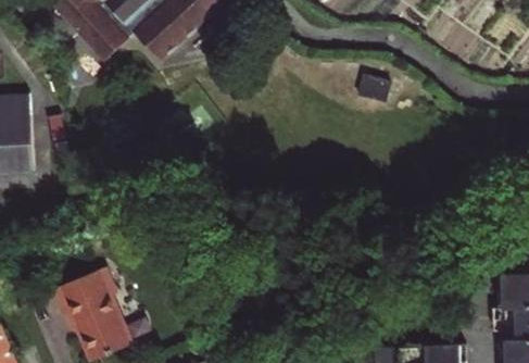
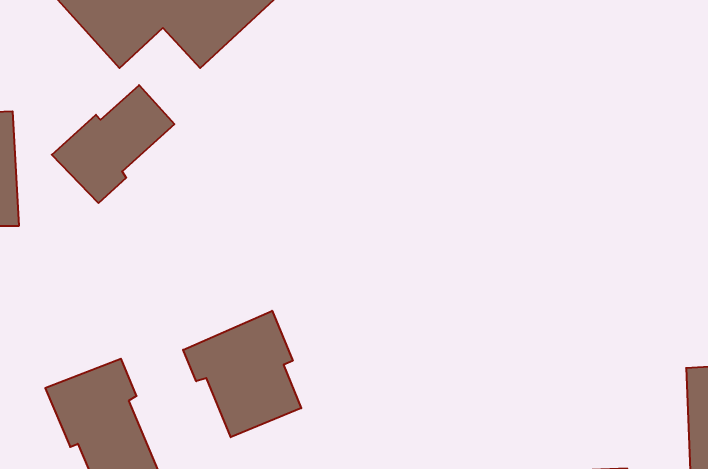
building: none -> [52,85,174,203]
building: none -> [183,311,301,437]

